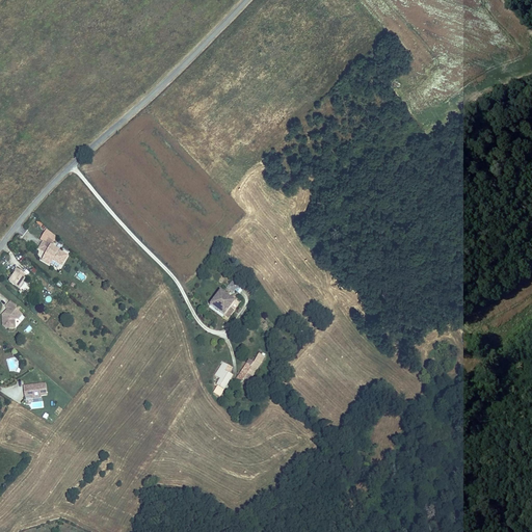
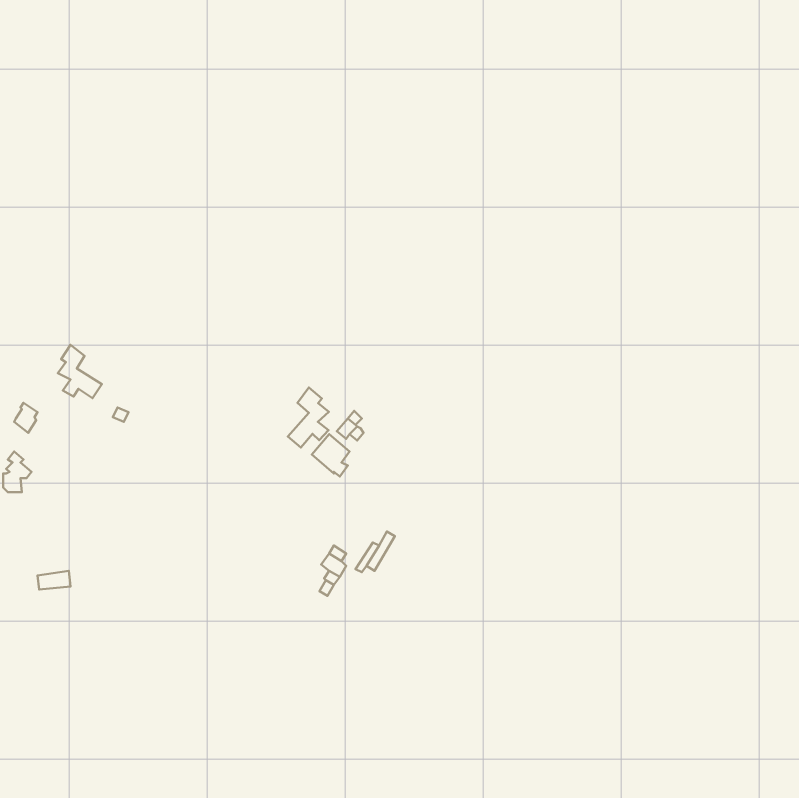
building: none -> [288,388,329,447]

